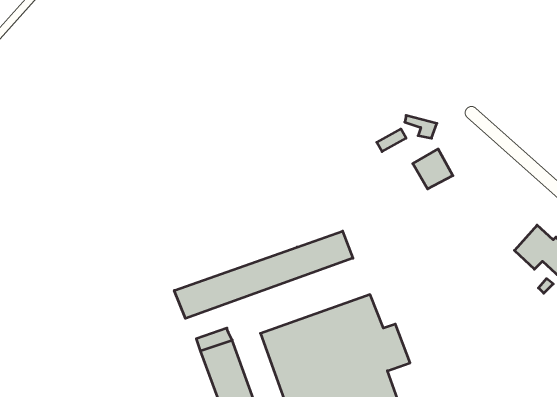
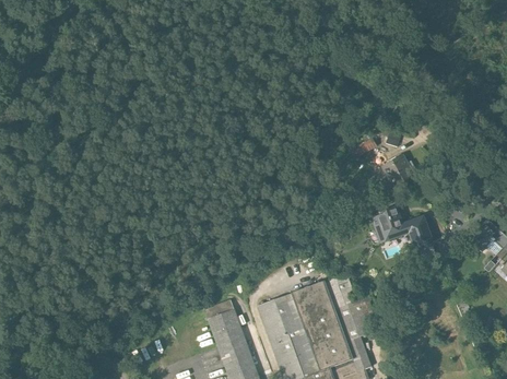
building: none -> [370,205,433,251]
building: [174,231,353,318] -> none

